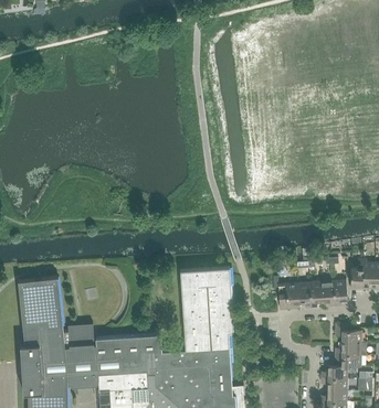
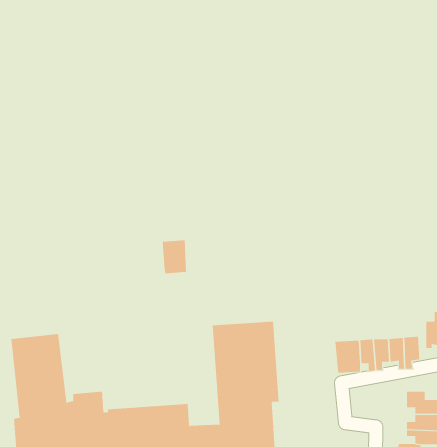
building: none -> [162,240,187,274]

